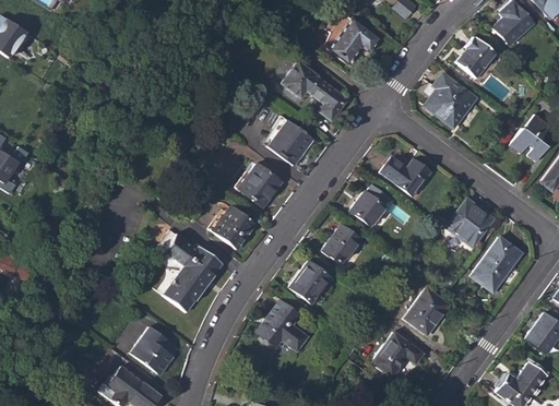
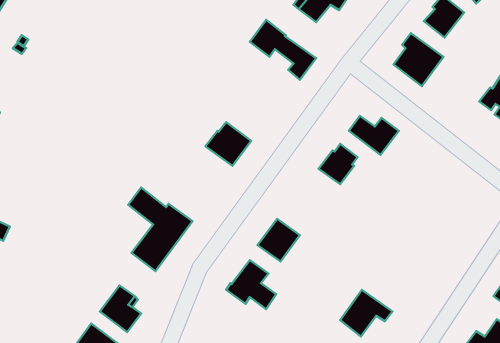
building: [267,116,313,166] -> none
building: [445,200,491,247] -> none
building: [209,206,254,249] -> none
building: [321,224,360,265] -> none
building: [471,237,522,292] -> none
building: [403,288,449,335] -> none

